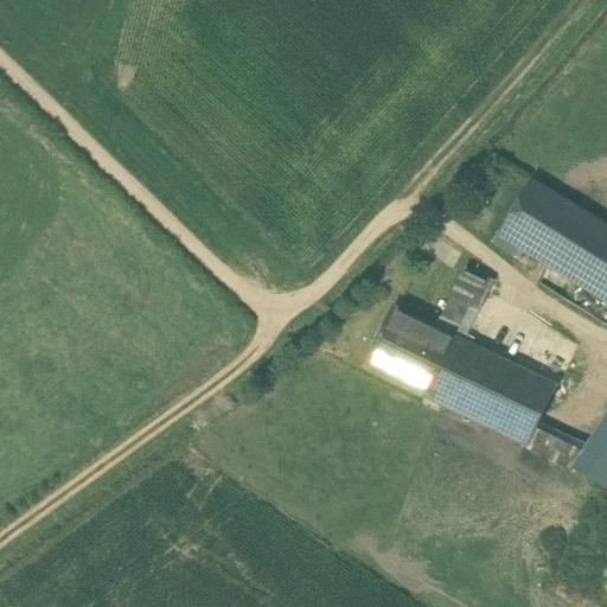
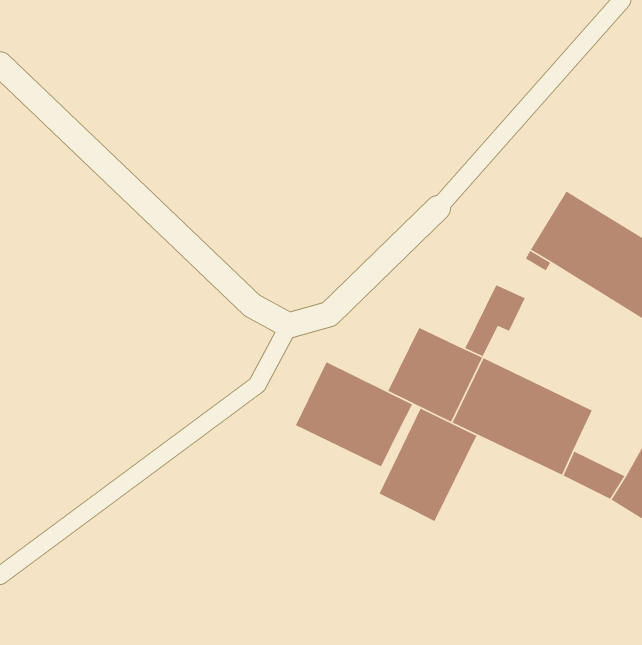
building: none -> [295,361,413,467]
building: none -> [379,408,477,522]

